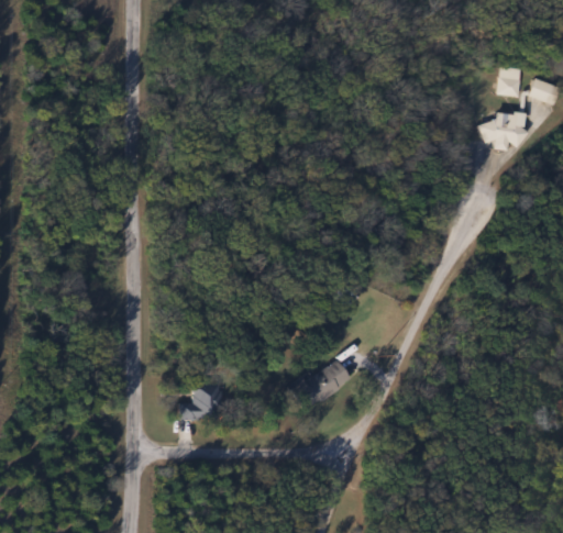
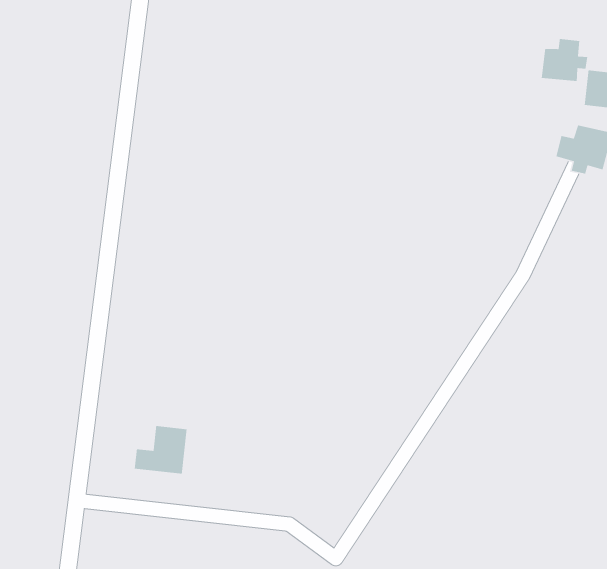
building: none -> [541,38,588,82]
building: [286,359,350,411] -> none

